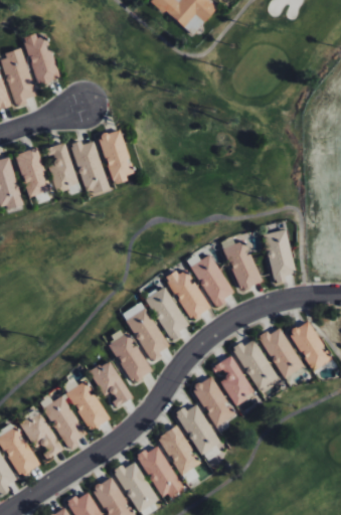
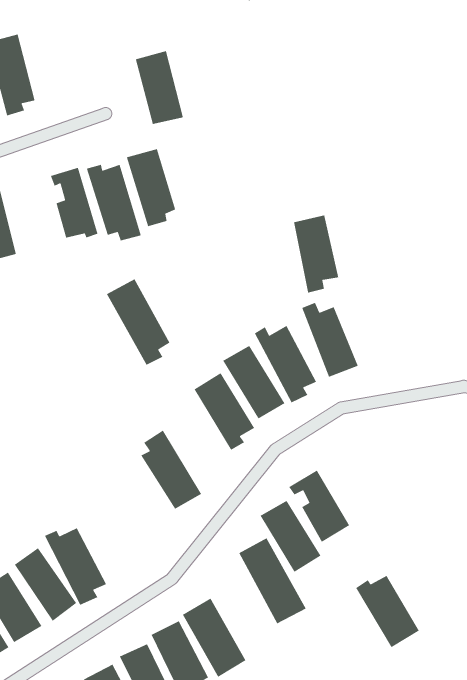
building: [24,32,58,84] -> [135,50,184,125]
building: [18,149,48,196] -> none
building: [264,229,296,285] -> [293,215,339,293]
building: [123,302,168,363] -> [106,278,171,366]
building: [289,321,332,371] -> none
building: [260,326,304,379] -> none
building: [232,339,278,390] -> [355,575,420,648]
building: [90,360,133,408] -> none
building: [66,381,111,432] -> none
building: [158,425,200,476] -> none

